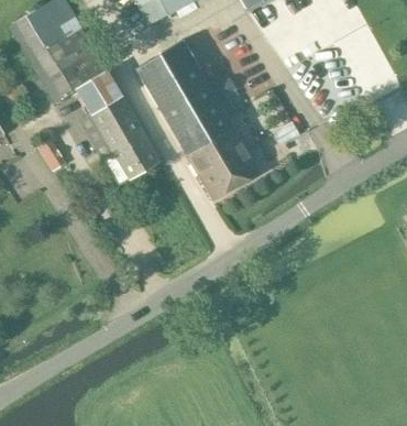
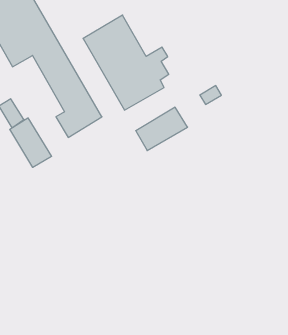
building: [186,127,245,177] -> none
building: none -> [10,118,52,167]

